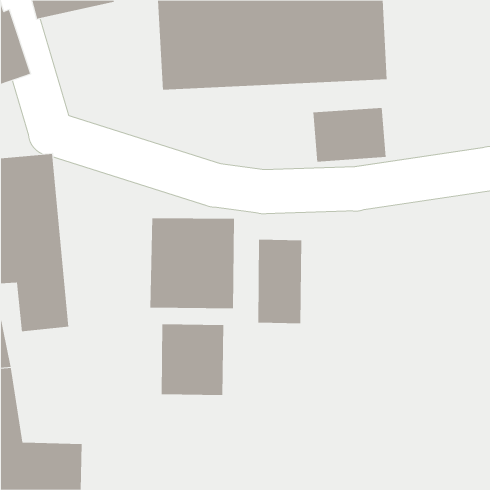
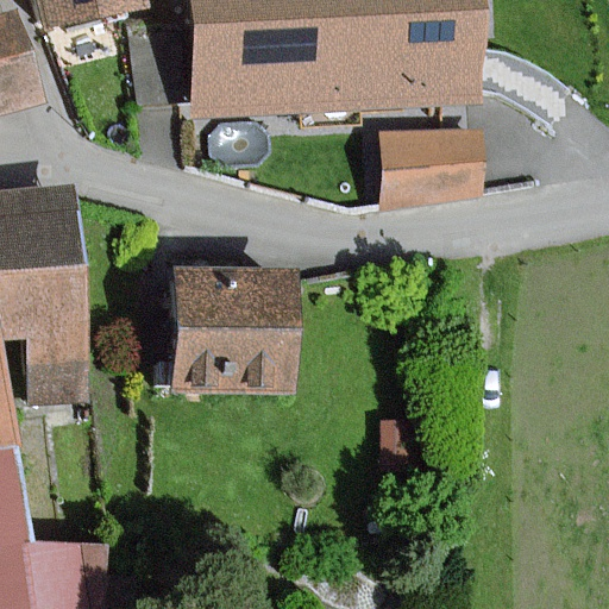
building: [258,239,302,324] -> none
building: [161,323,224,396] -> none

